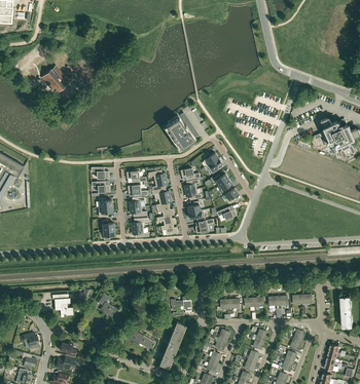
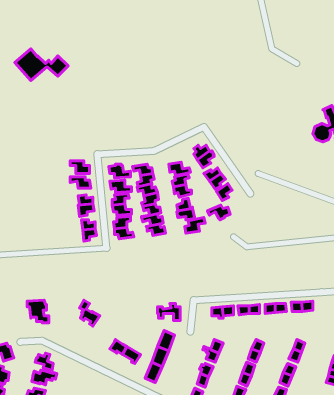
building: [166,116,195,149] -> none

